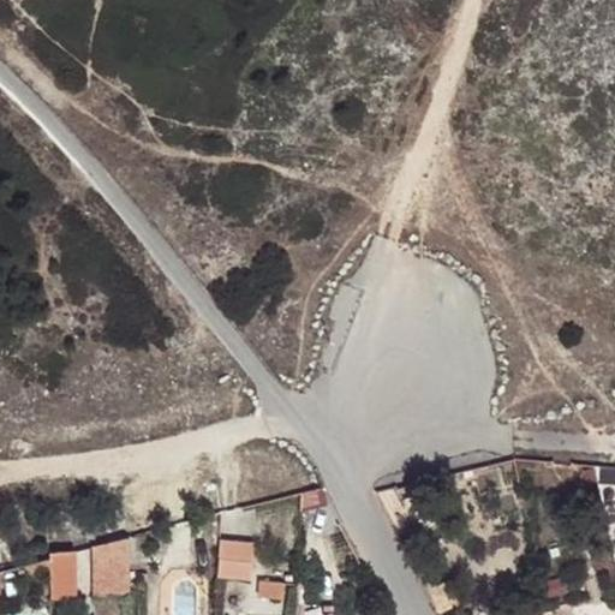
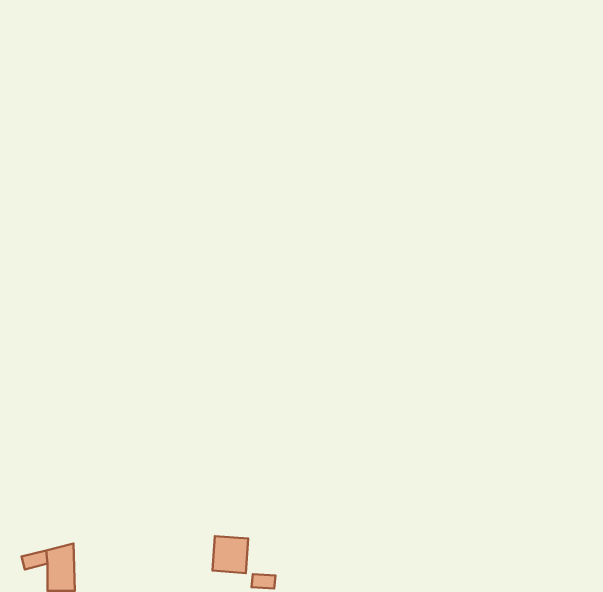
building: [95,537,130,587] -> none

